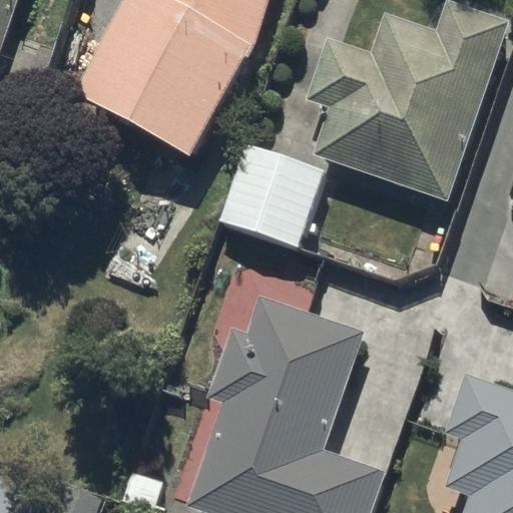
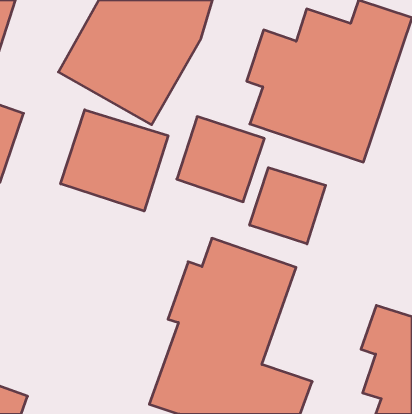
building: none -> [61,110,168,211]
building: none -> [250,168,326,244]

